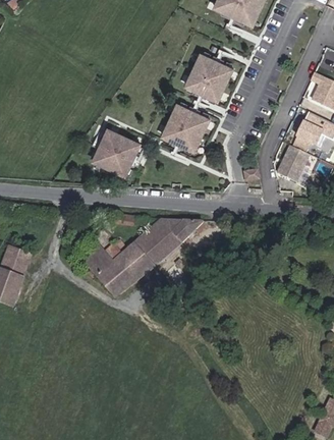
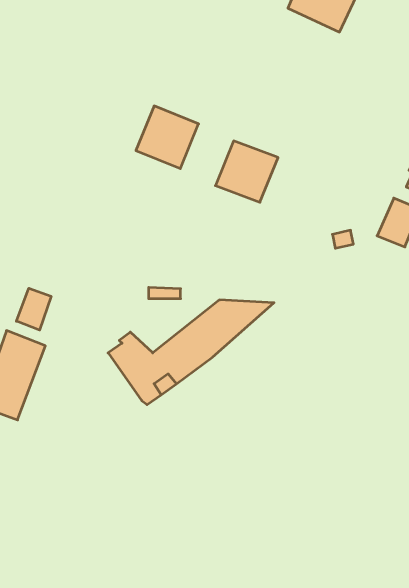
building: [185,54,231,100] -> none
building: [94,124,140,170] -> [136,106,199,169]
building: none -> [16,288,51,330]

